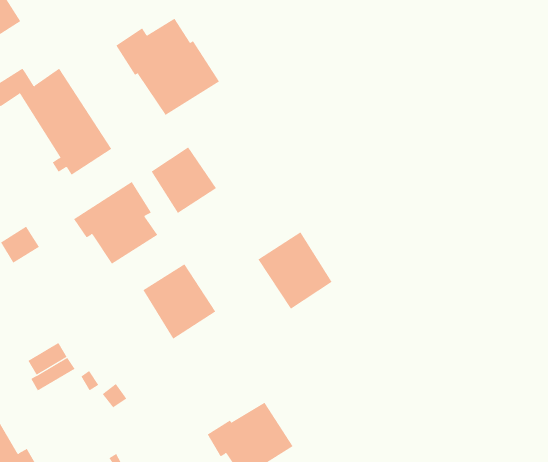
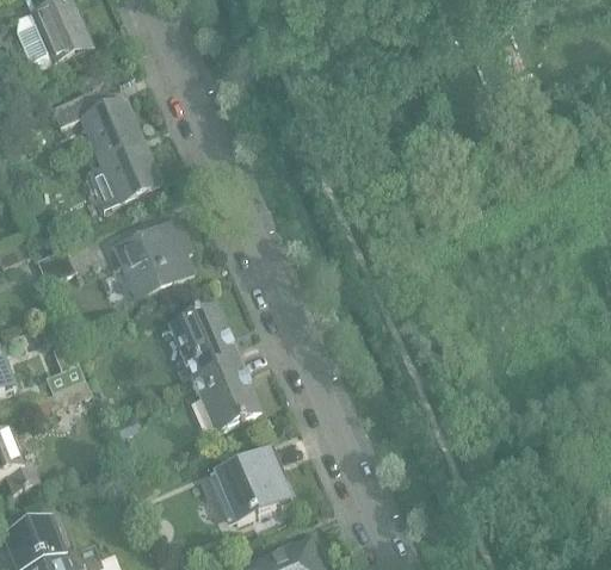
building: [116,18,220,116] -> none
building: [151,146,217,214] -> none
building: [258,232,332,310] -> [189,355,258,429]

